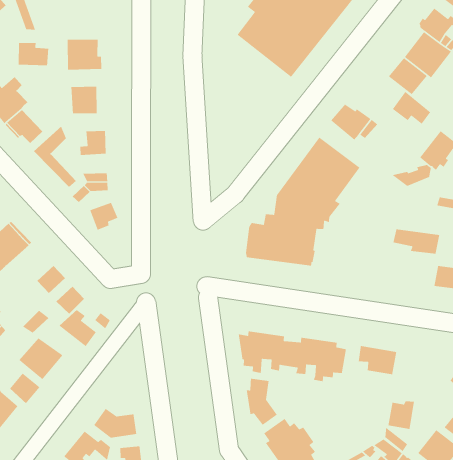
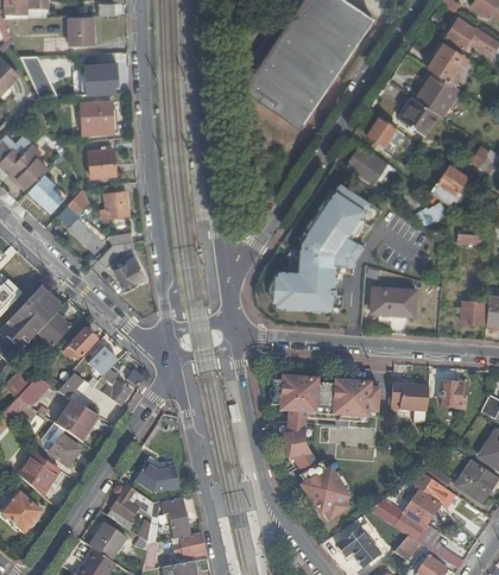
building: [18,42,49,66] -> [83,70,114,94]
building: [392,91,431,125] -> [366,115,405,147]
building: [392,229,440,255] -> [368,292,415,315]
building: none -> [37,312,70,346]
building: [388,400,415,430] -> [441,380,466,409]

